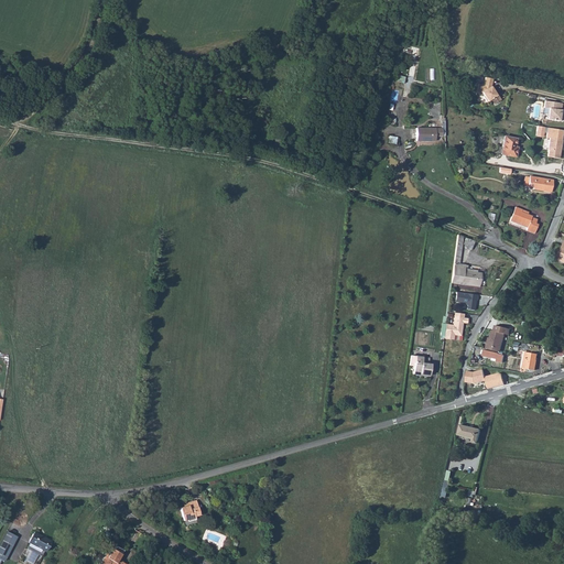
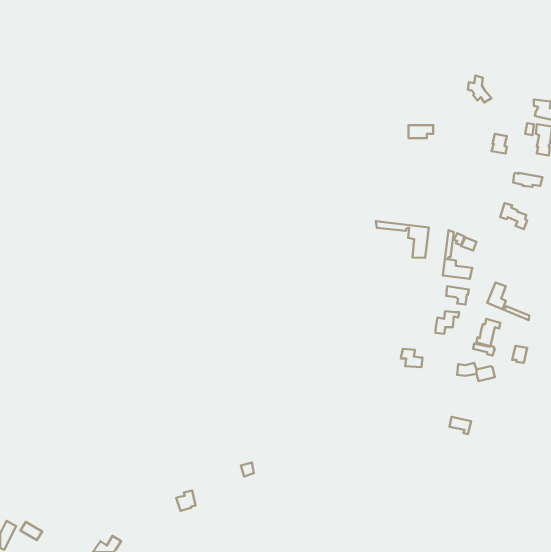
building: none -> [376,221,429,258]
building: none -> [487,283,529,320]

